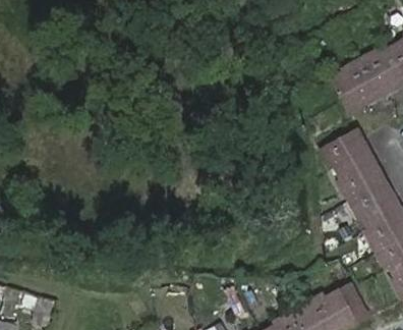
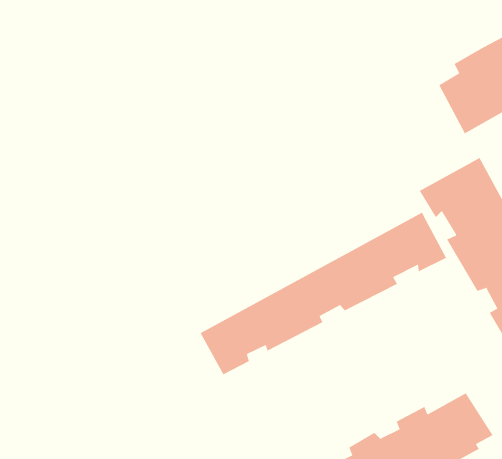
building: none -> [200,212,447,375]

